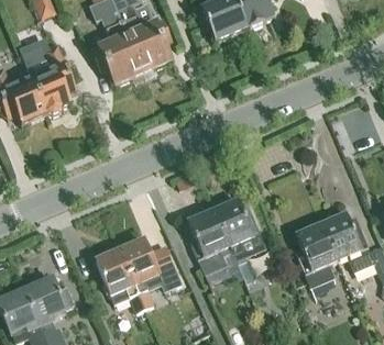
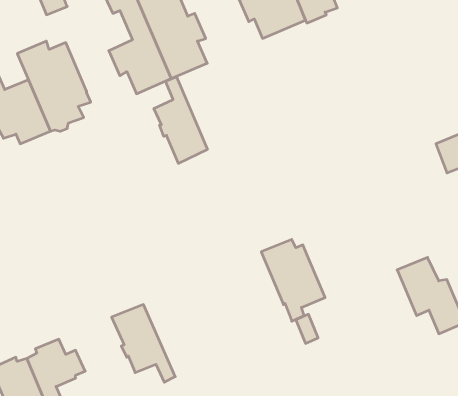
building: none -> [154,77,207,163]
building: [187,208,231,272] -> none
building: [295,222,337,289] -> none
building: [120,240,182,307] -> none

